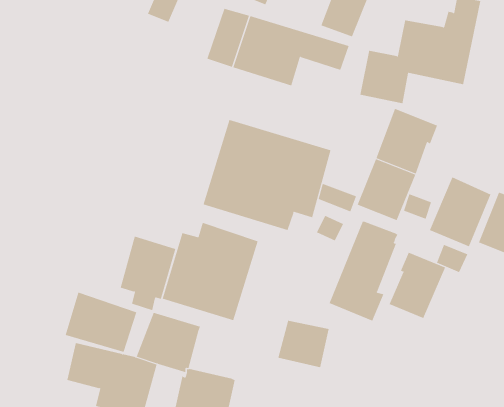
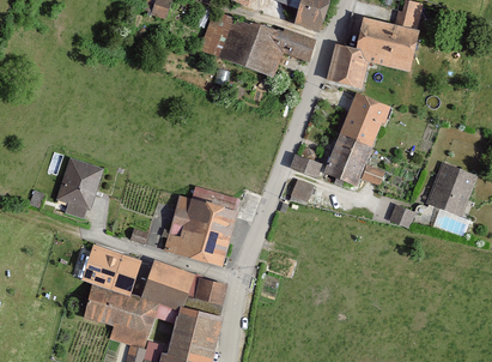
building: [203,119,331,231] -> none
building: [429,176,491,247] -> none
building: [329,221,398,322] -> none
building: [120,236,176,311] -> [56,156,103,218]
building: [389,252,446,319] -> none
building: [277,320,329,368] -> [184,276,227,315]

